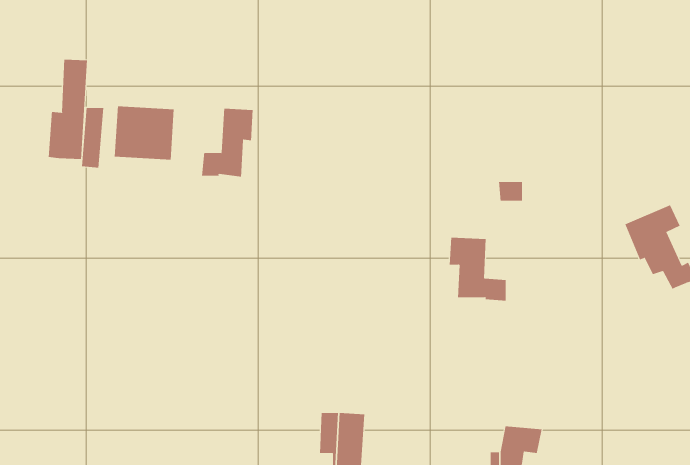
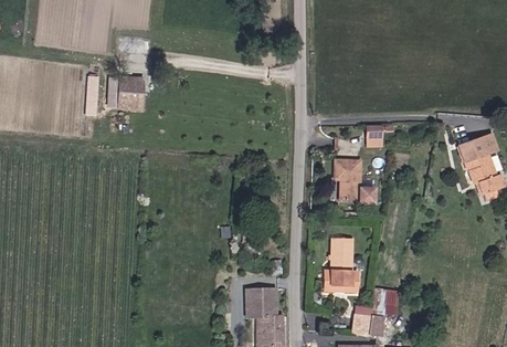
building: [48,59,87,160] -> none
building: [202,108,253,177] -> none
building: none -> [326,236,358,284]

